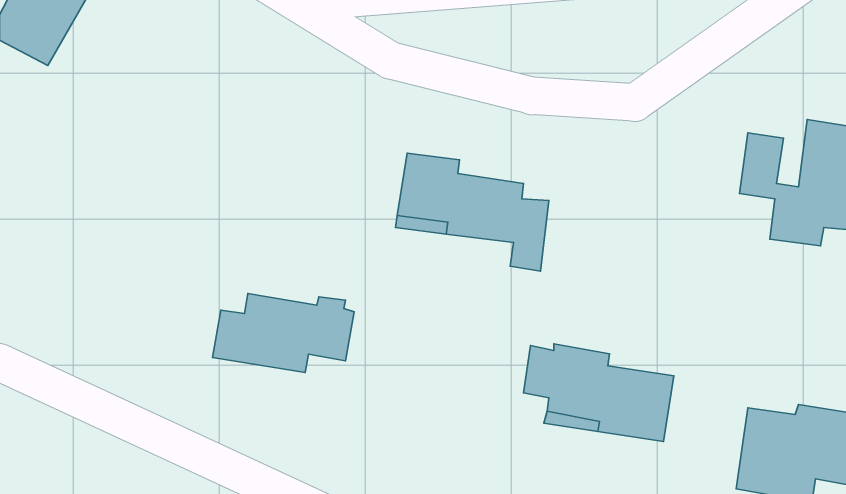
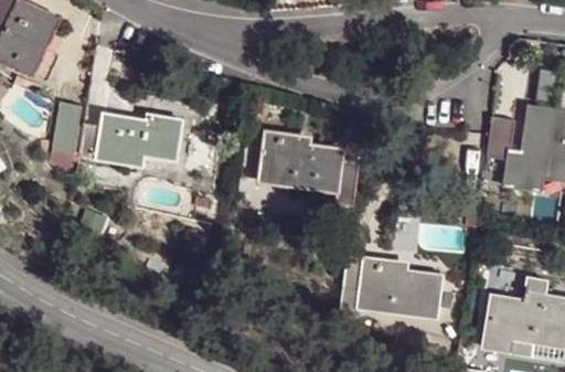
building: none -> [51,99,82,148]
building: [212,293,354,373] -> [81,113,173,164]

